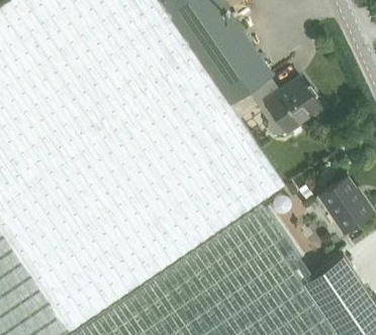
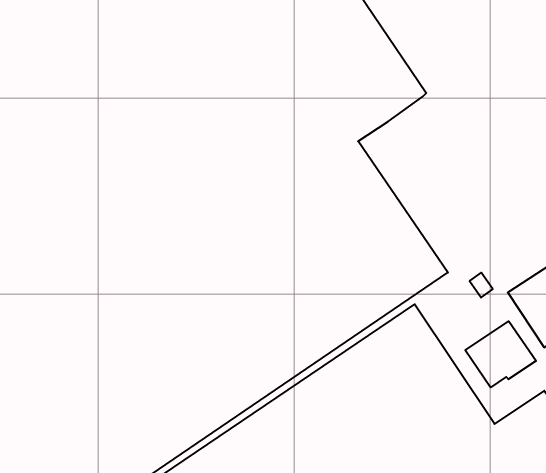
building: [249,77,320,136] -> none
building: none -> [465,321,536,387]

